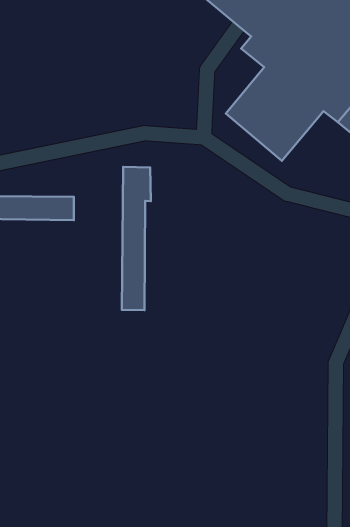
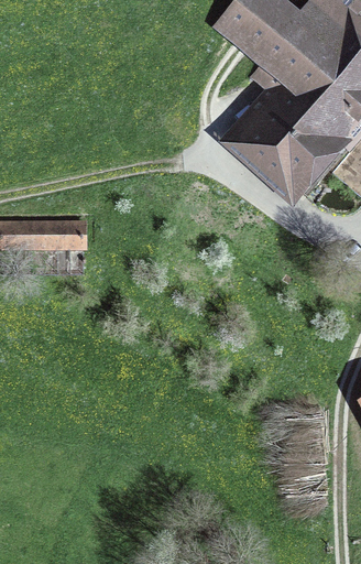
building: [122,167,151,310] -> none

